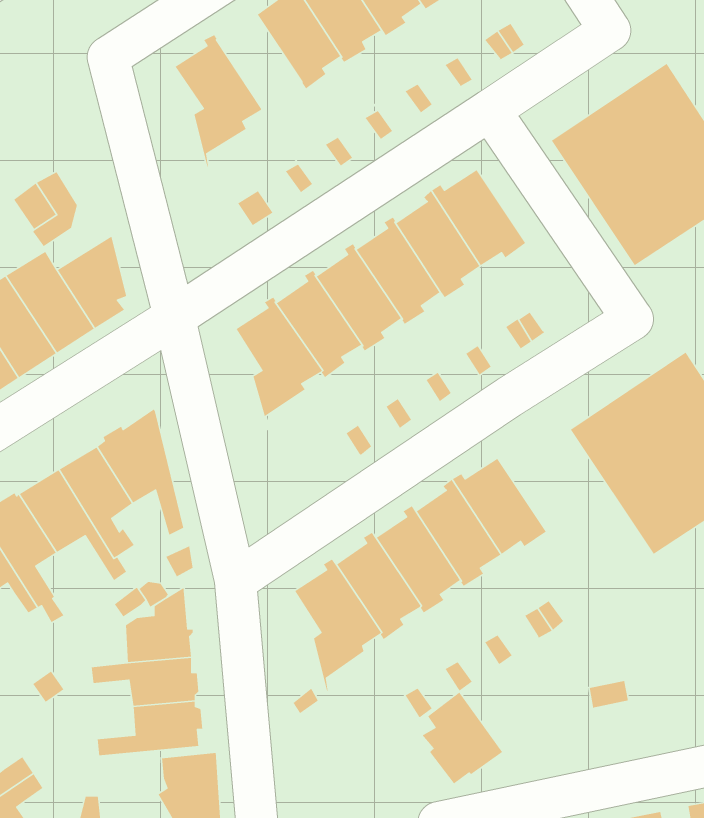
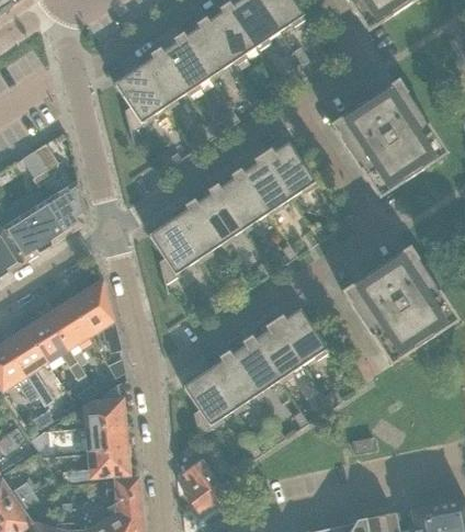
building: none -> [137,47,186,110]
building: [422,691,503,785] -> [179,456,226,510]

